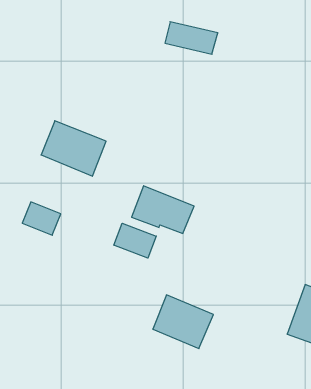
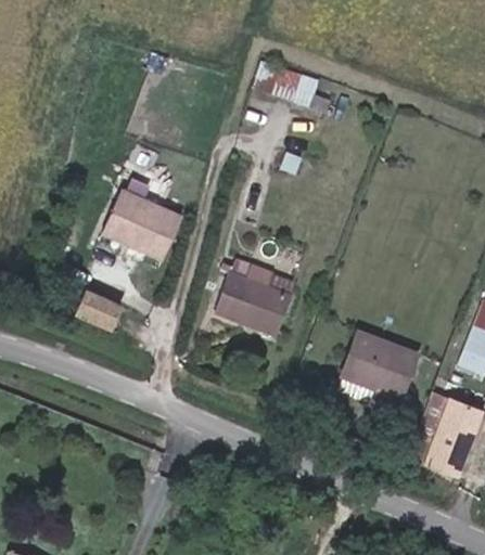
building: [114,223,156,258] -> none
building: [153,295,213,349] -> [341,334,418,402]

